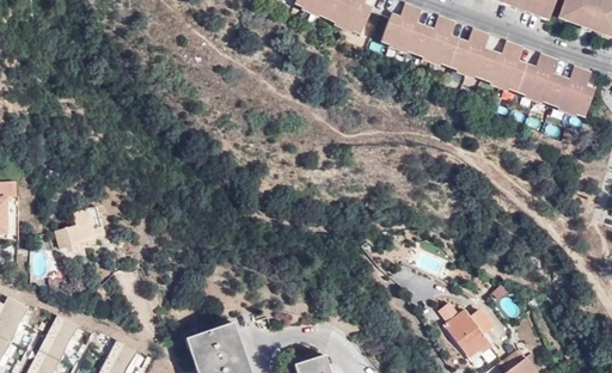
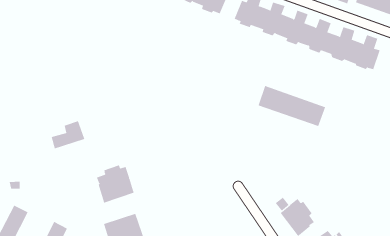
building: none -> [258,85,326,127]
building: [56,204,106,246] -> [51,120,85,149]
building: none -> [96,164,134,204]

